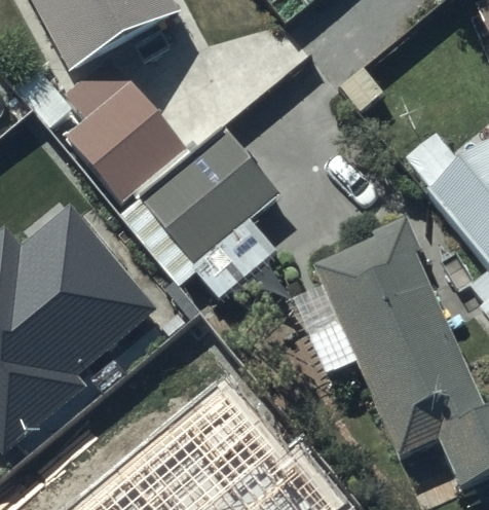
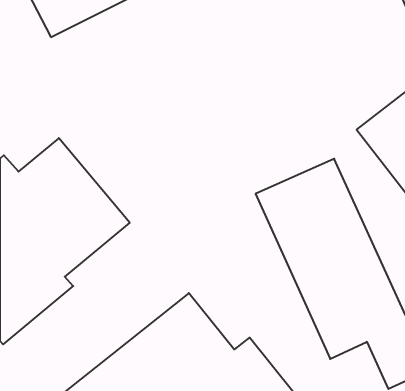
building: [68,57,192,210] -> none
building: [125,132,286,302] -> none

